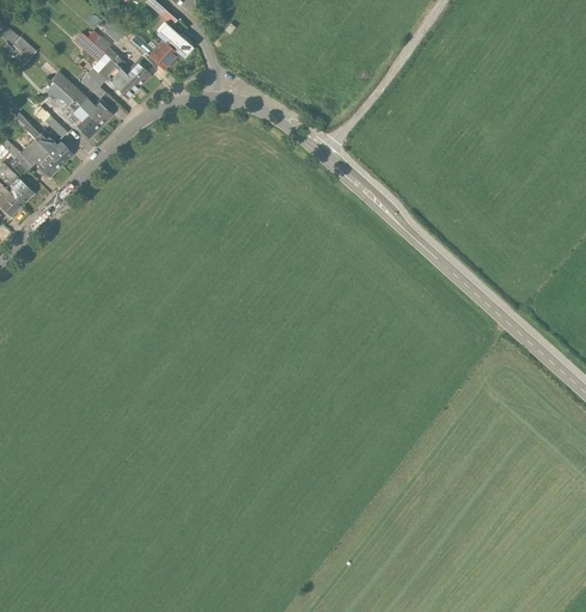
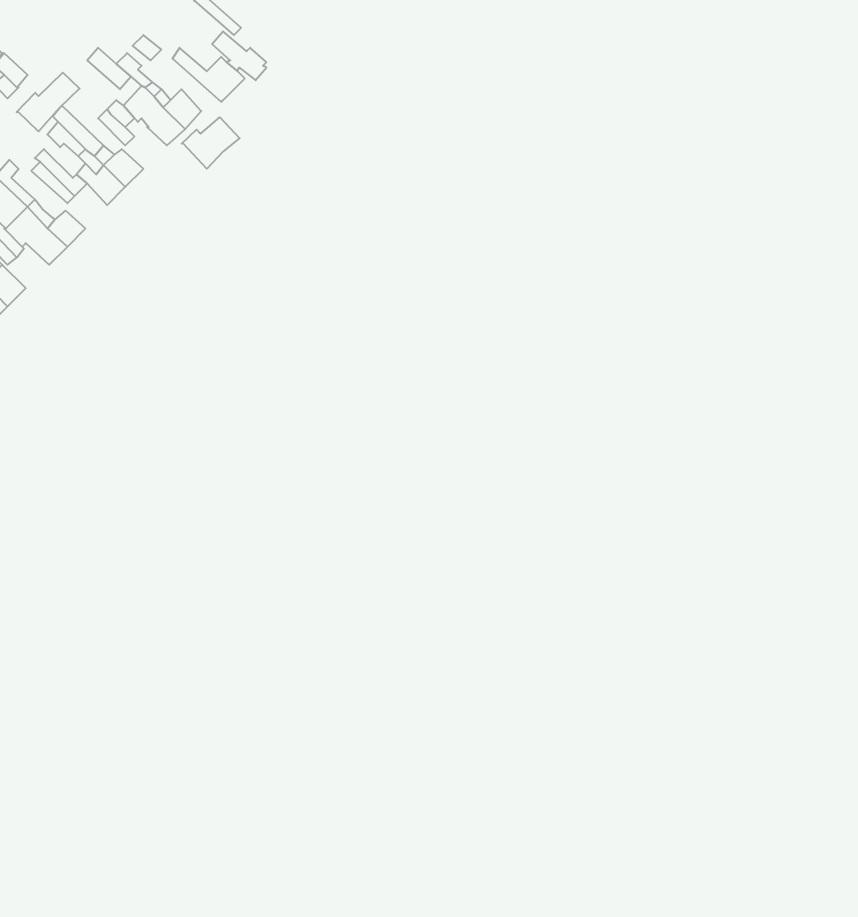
building: none -> [17,73,80,131]
building: none -> [182,117,240,169]

